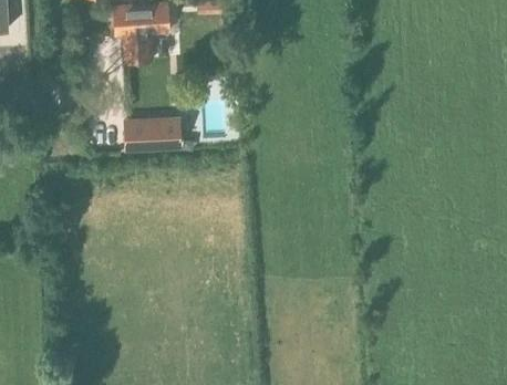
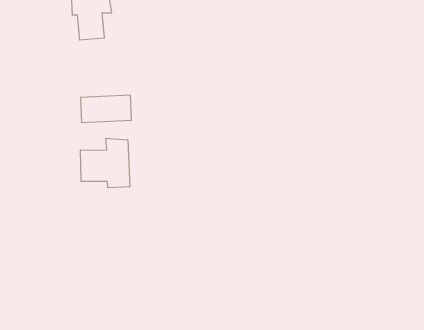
building: none -> [81,138,130,188]

